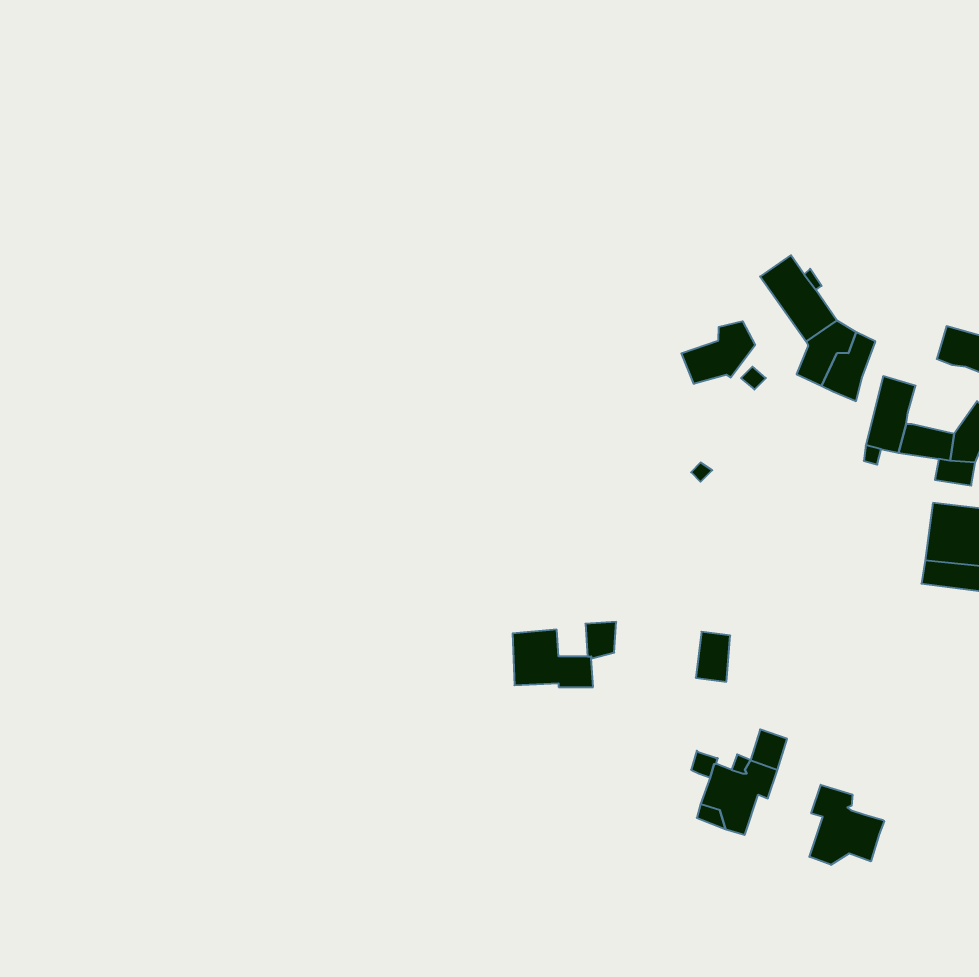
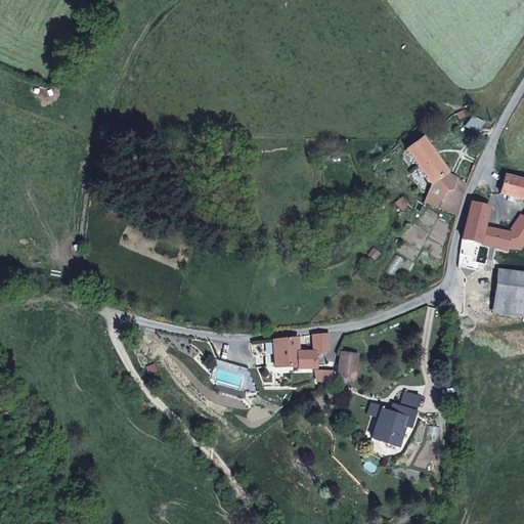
building: [681,321,755,384] -> none
building: [696,632,730,682] -> [339,350,357,377]
building: [809,785,884,865] -> none

